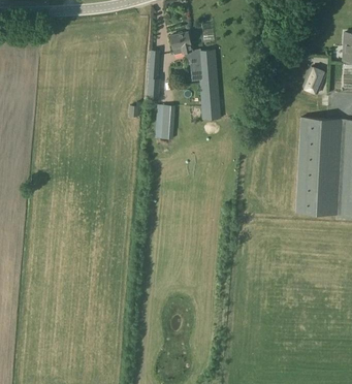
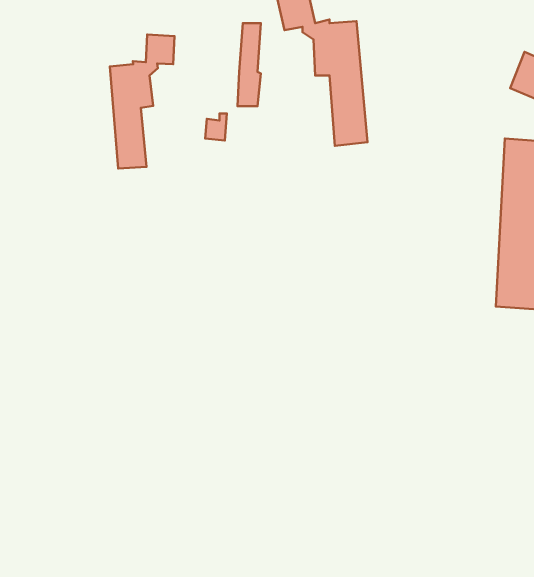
building: none -> [110,34,174,168]
building: [156,105,175,143] -> none

